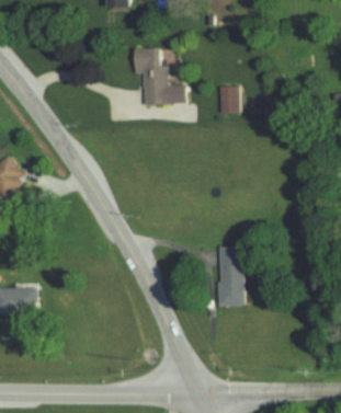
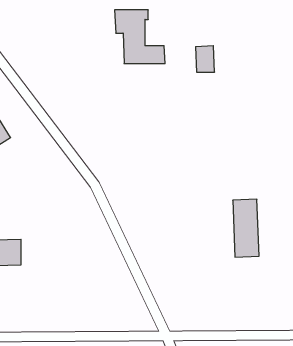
building: [217,246,245,307] -> [233,199,259,257]

